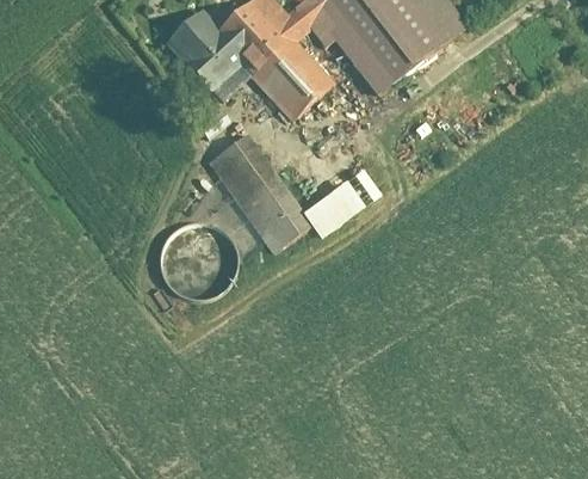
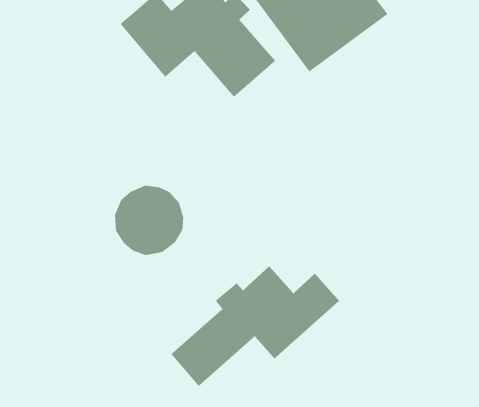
building: [208,134,382,252] -> none
building: none -> [170,265,340,387]

